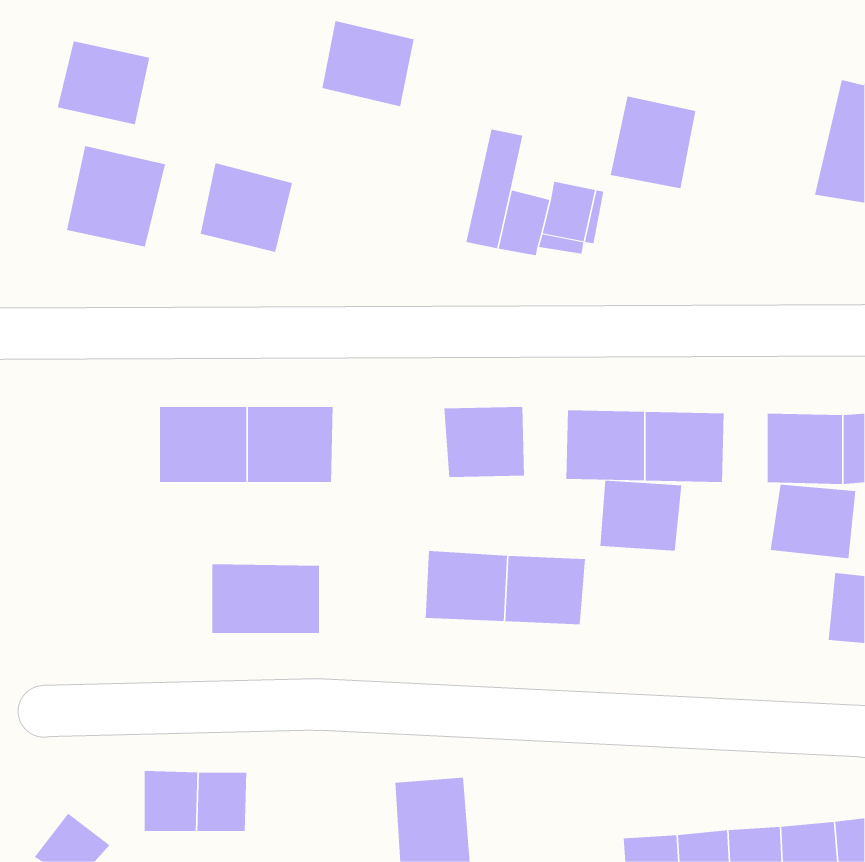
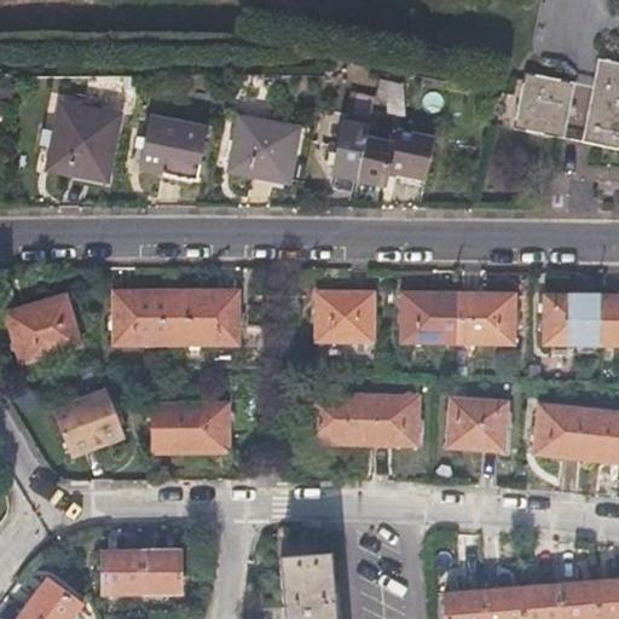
building: [321,21,414,107] -> [231,118,297,180]
building: [57,40,150,125] -> none
building: [610,96,696,189] -> [514,70,575,137]
building: none -> [8,294,83,363]
building: [599,480,682,551] -> [449,399,508,450]
building: [770,484,856,559] -> [534,404,596,457]
building: none -> [53,387,123,451]

